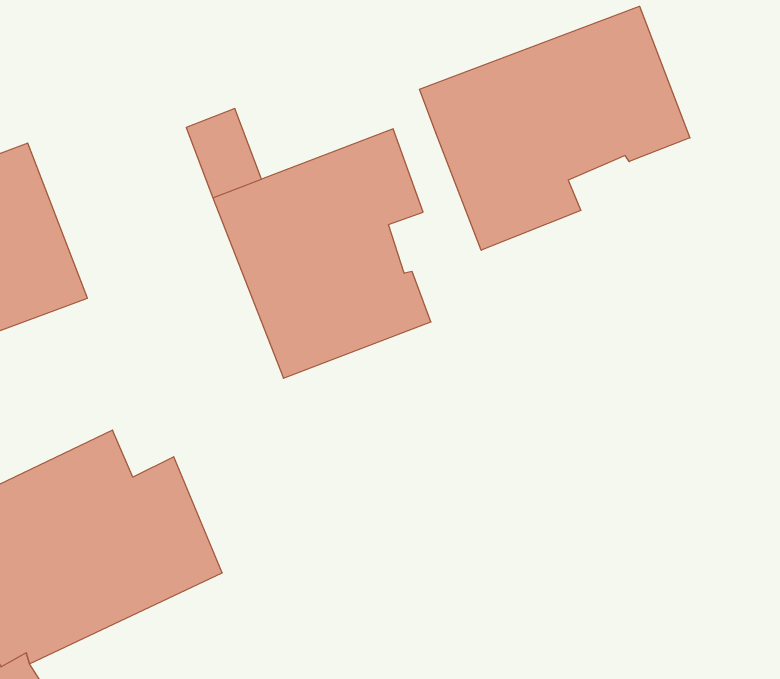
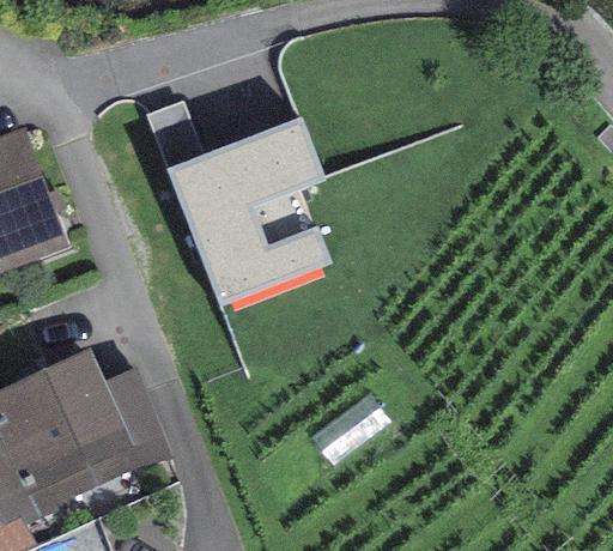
building: [419,6,690,250] -> none

